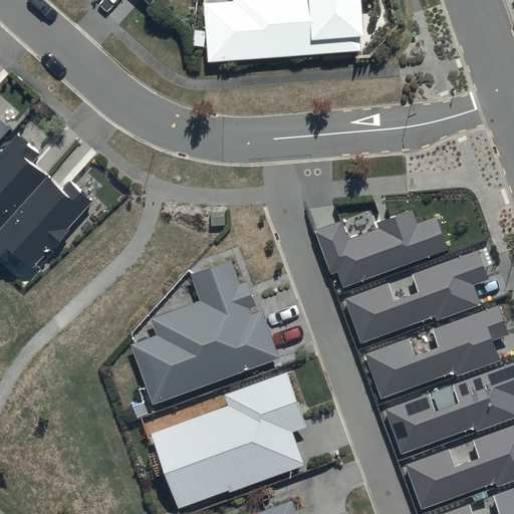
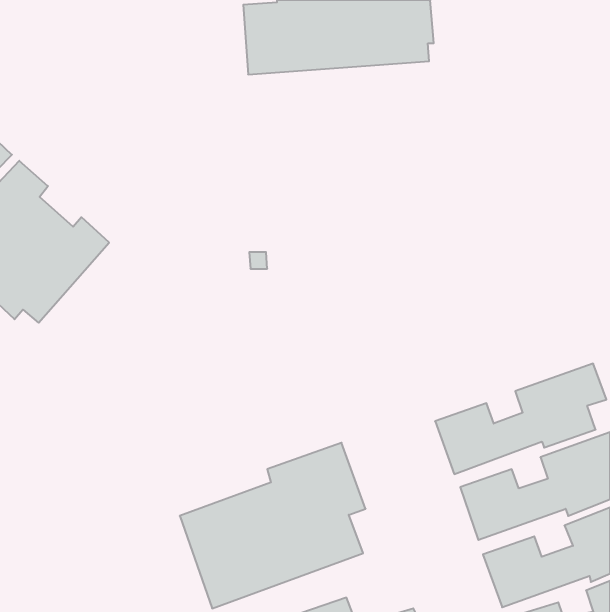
building: [314,210,448,287] -> none
building: [343,250,486,342] -> none
building: [131,260,279,404] -> none

